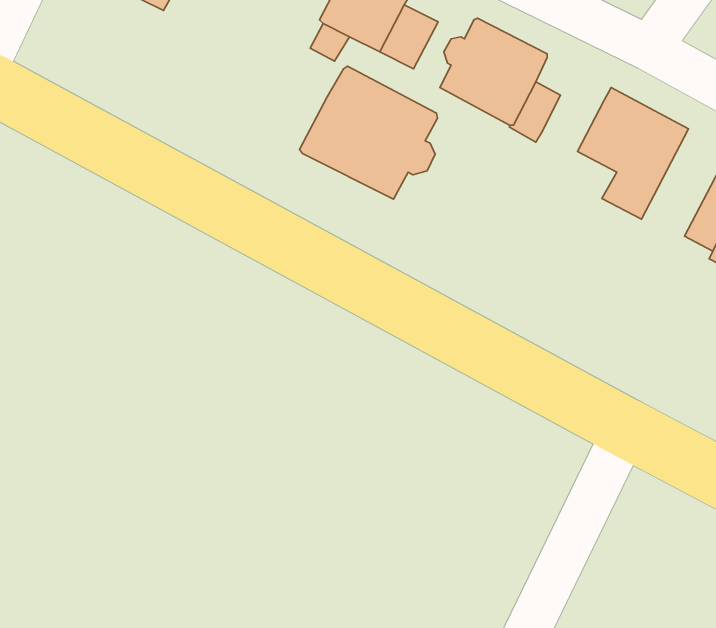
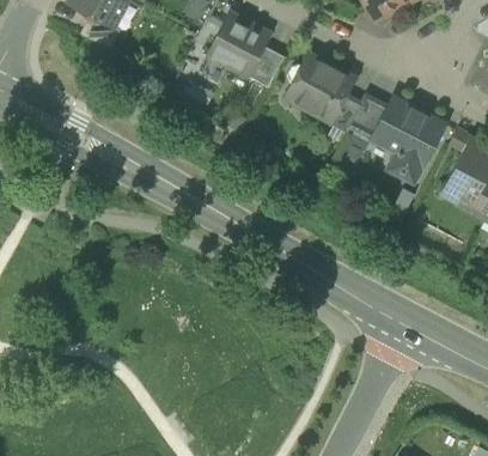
building: [300,66,437,199] -> none
building: none -> [349,95,389,139]

